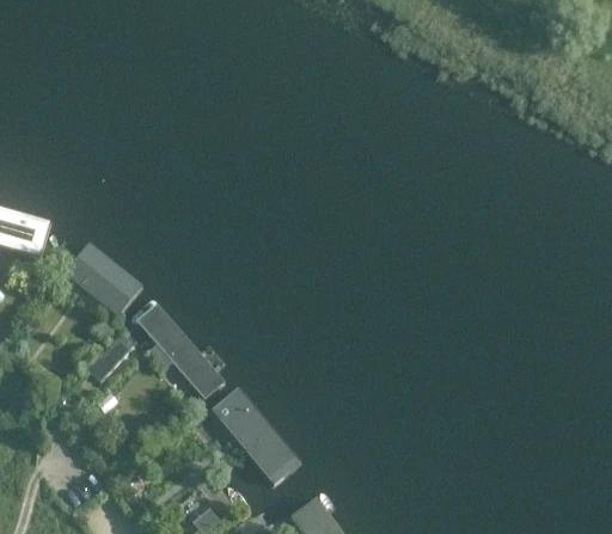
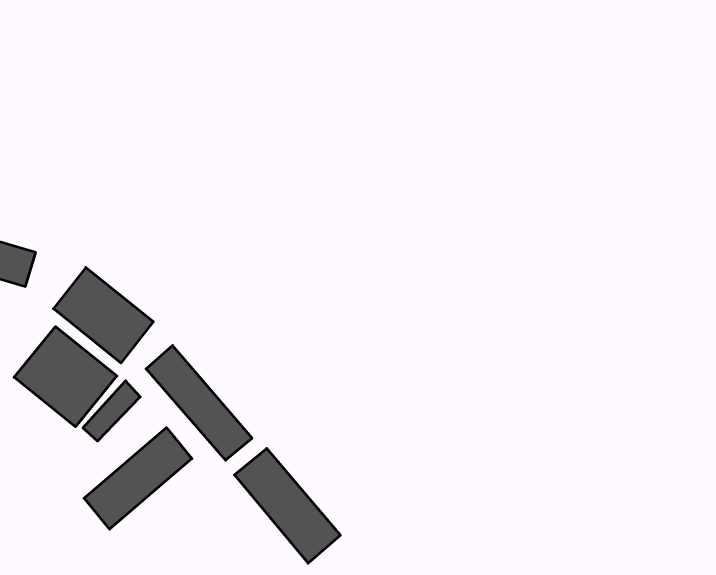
building: none -> [14,327,117,427]
building: none -> [84,428,192,529]

